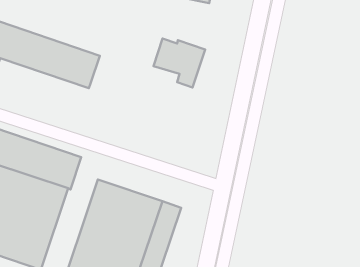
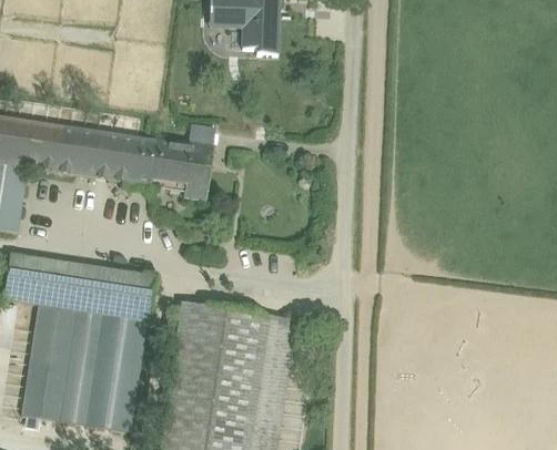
building: [154,38,205,87] -> [149,140,212,197]

